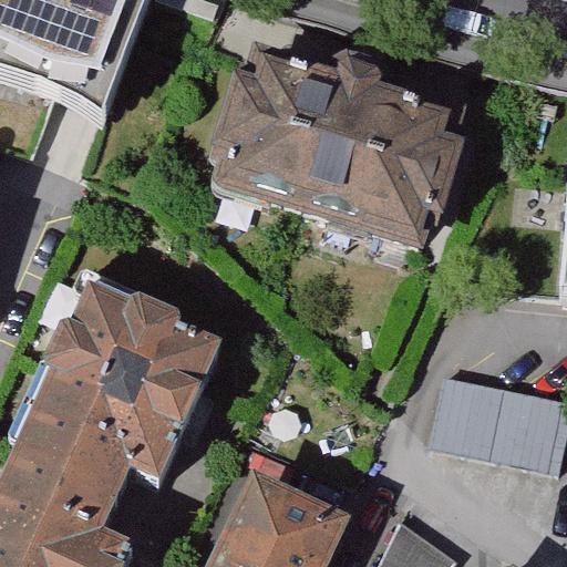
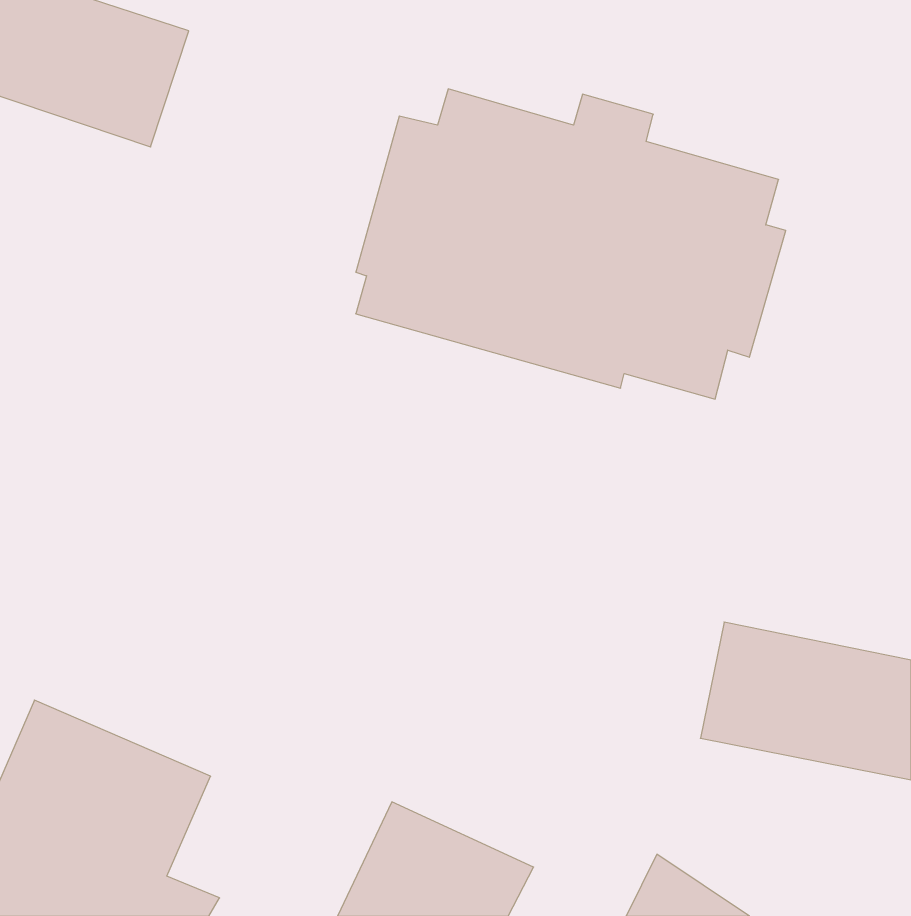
building: [21,282,220,486] -> none

